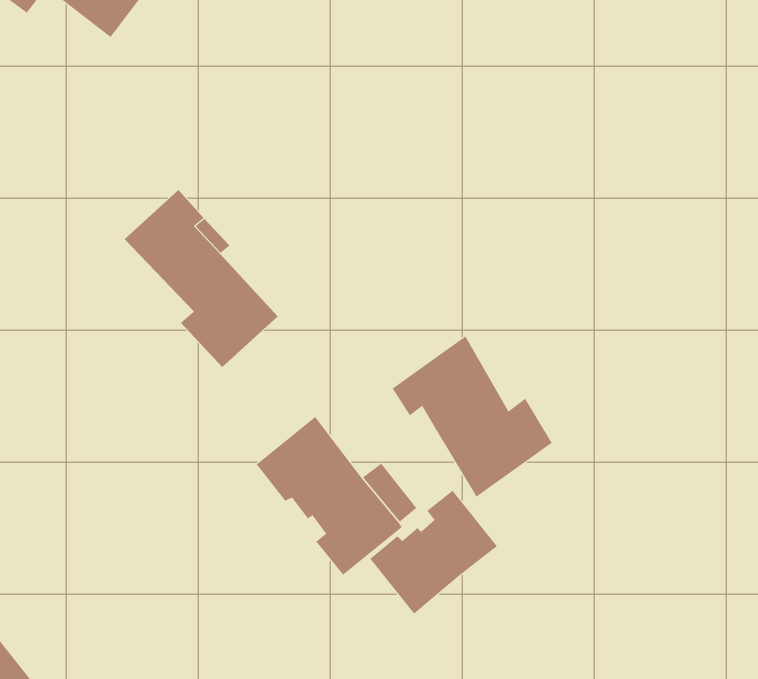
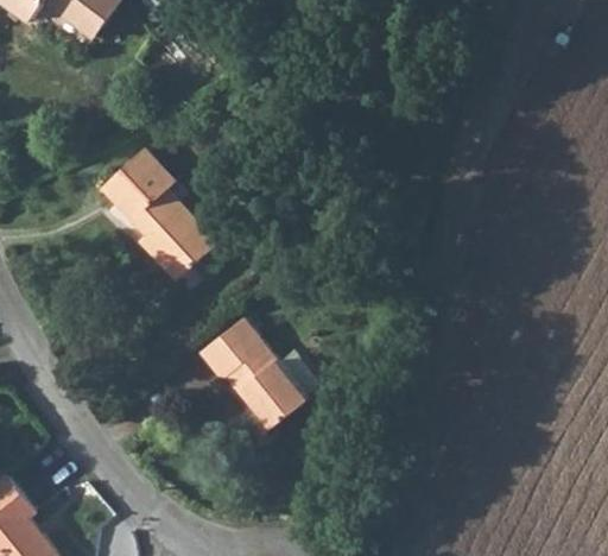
building: [392,335,552,497] -> none
building: [369,490,497,615] -> none

